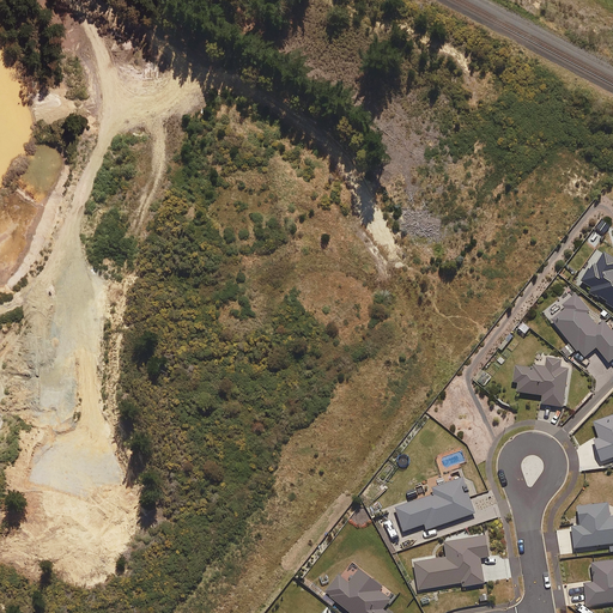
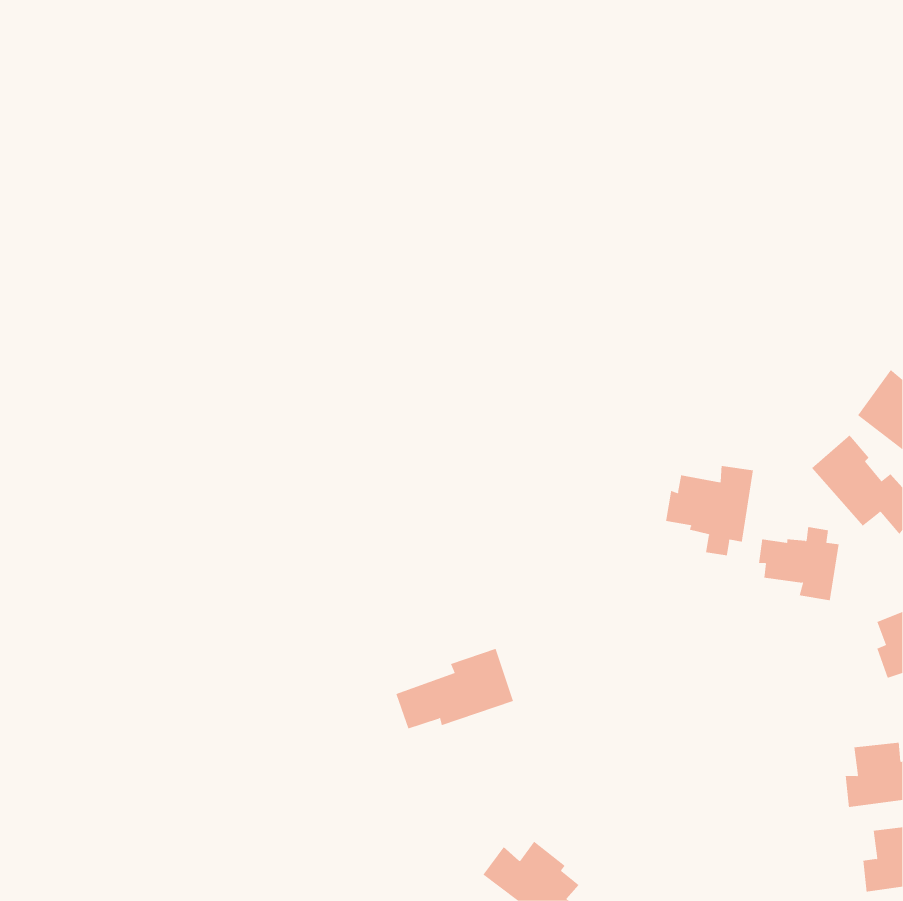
building: none -> [665,465,754,556]
building: [395,478,475,533] -> [395,648,514,729]
building: [414,536,488,590] -> none

